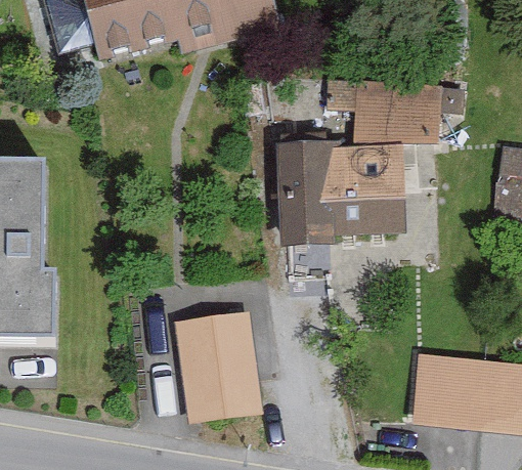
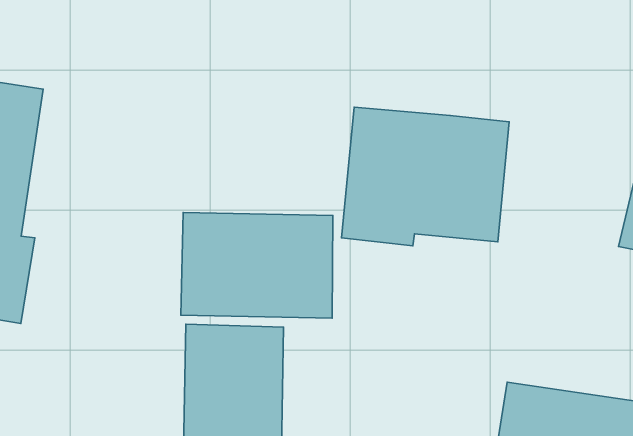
building: [329,77,442,142] -> none
building: none -> [181,212,333,318]

